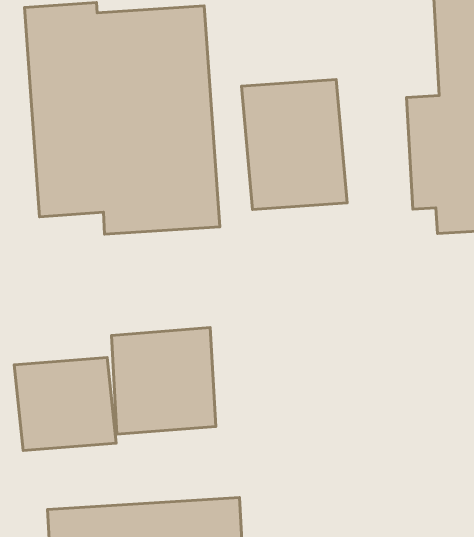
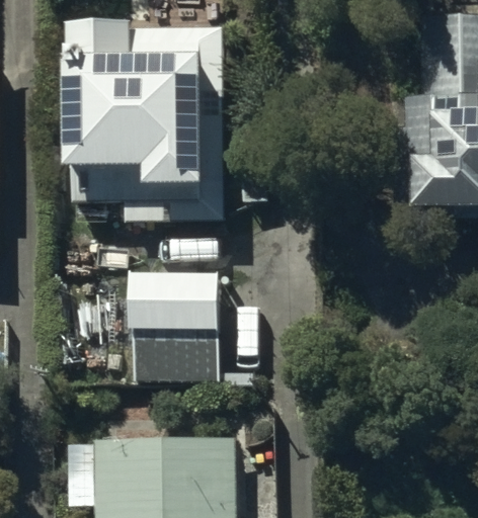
building: [241,79,347,209] -> none
building: [14,358,116,450] -> none

